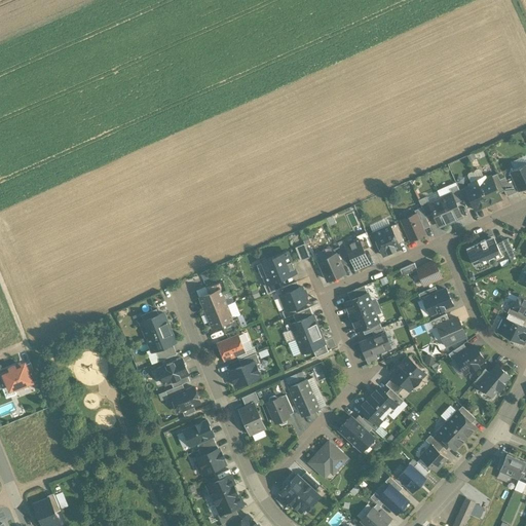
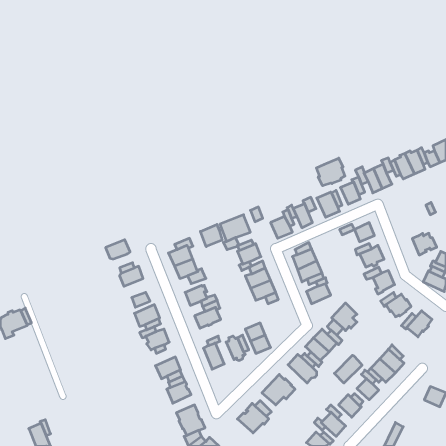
building: none -> [316,158,345,186]
building: [473,239,501,265] -> [412,233,437,255]
building: none -> [200,224,222,247]
building: [146,328,175,350] -> [106,240,130,259]
building: none -> [334,355,362,383]

